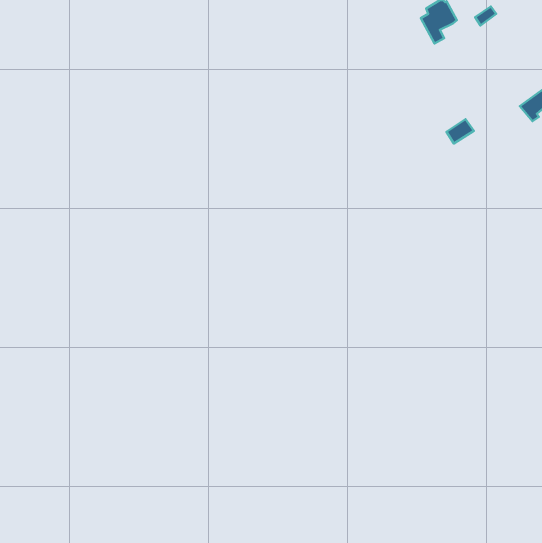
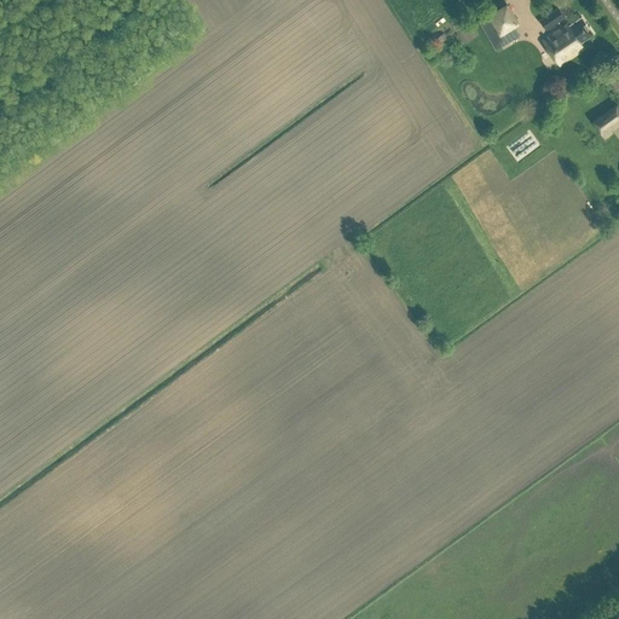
building: none -> [544,16,595,65]

